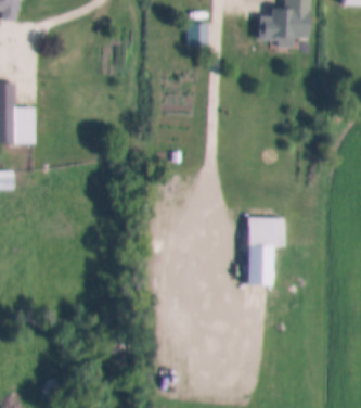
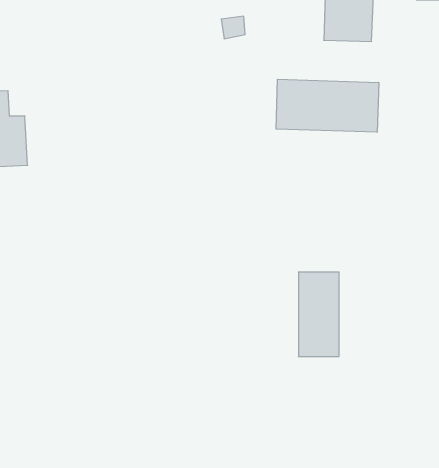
building: none -> [276,79,379,132]

